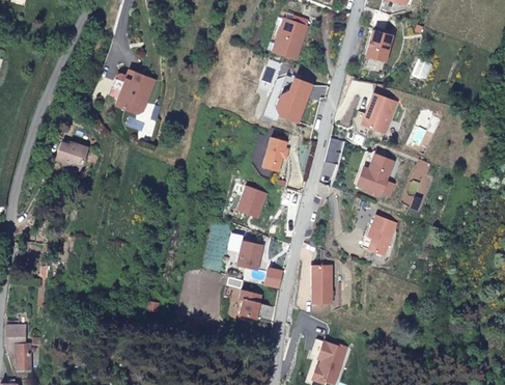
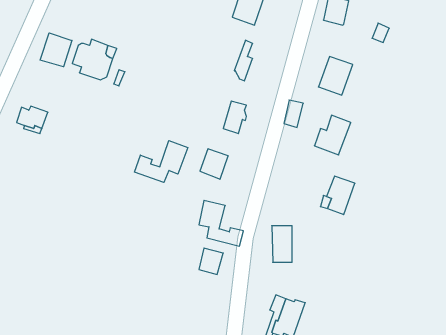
building: none -> [40,33,72,67]
building: [286,79,310,121] -> none
building: none -> [135,141,188,182]

